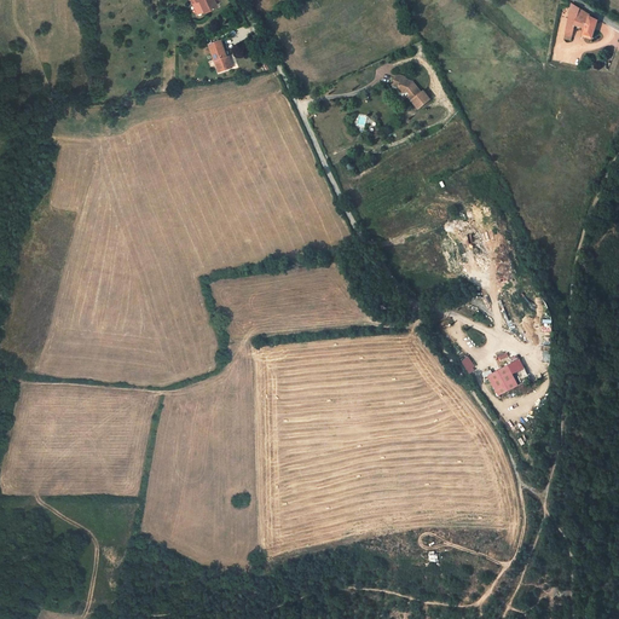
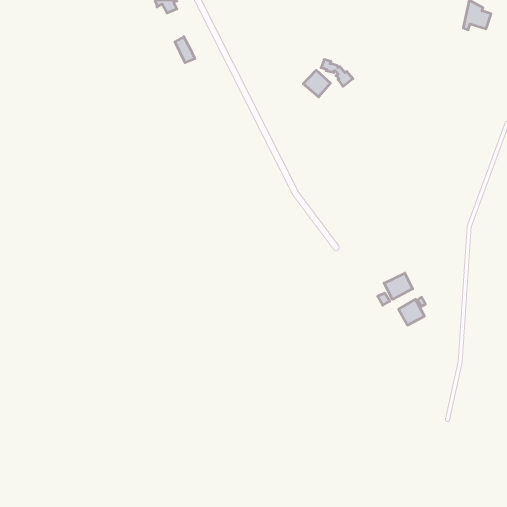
building: none -> [303,70,330,97]
building: none -> [384,273,413,299]

